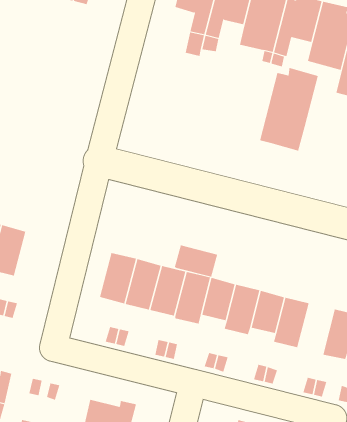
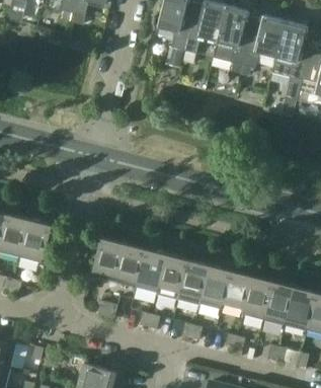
building: [260,67,318,151] -> none
building: none -> [18,219,51,262]
building: [174,244,218,277] -> none
building: none -> [262,281,294,325]

